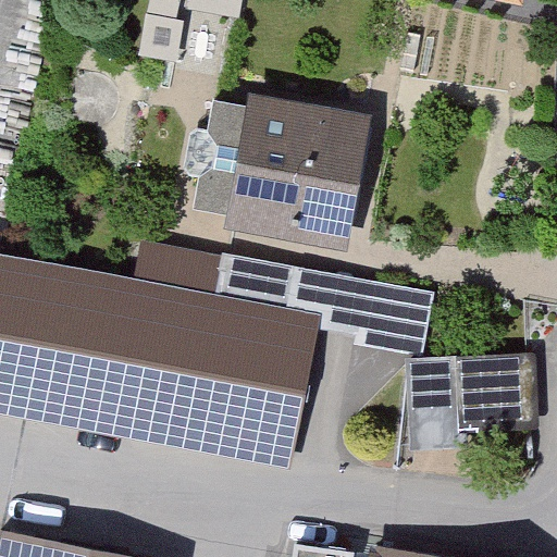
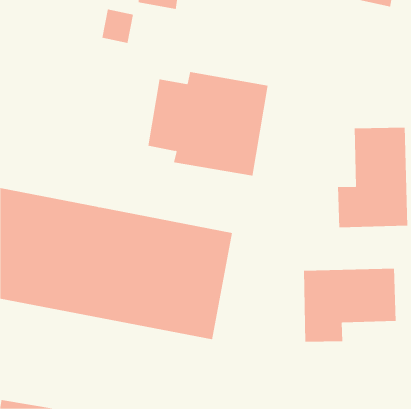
building: none -> [338,127,408,228]
building: [134,238,430,351] -> none

